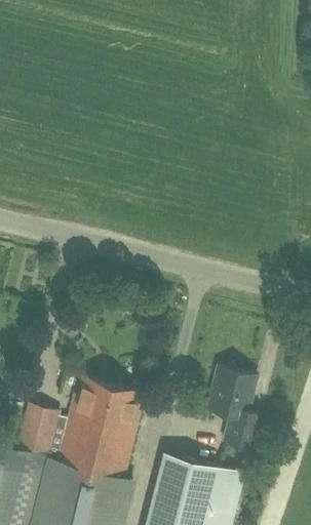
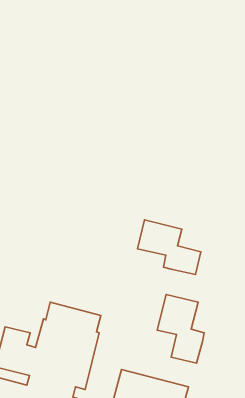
building: none -> [138,220,201,275]

